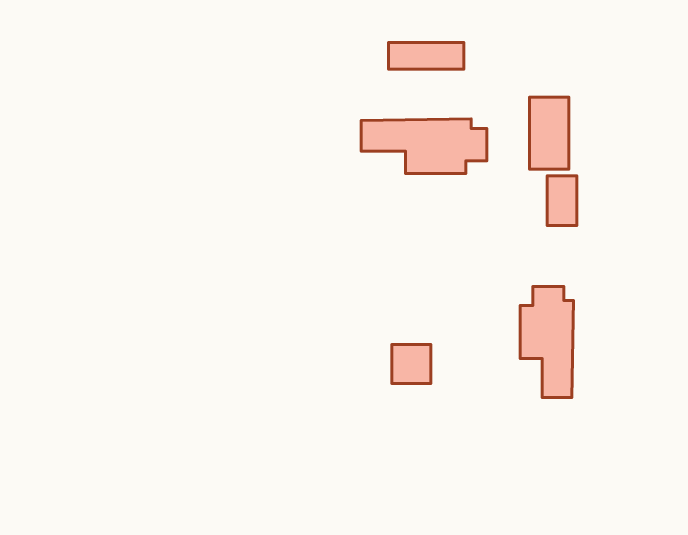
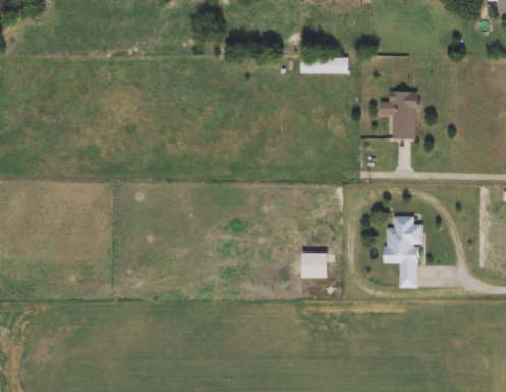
building: [361,119,487,174] -> none
building: [547,176,577,225] -> none

